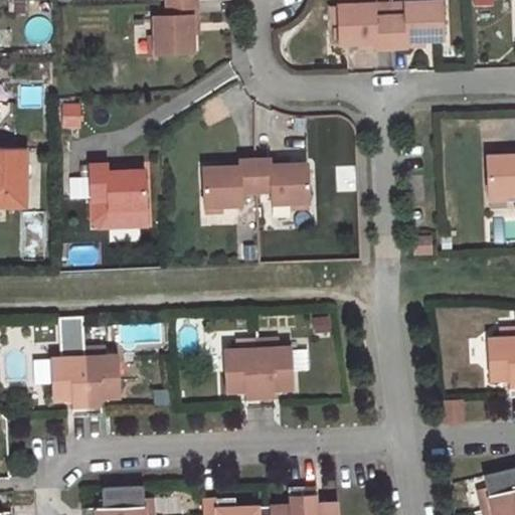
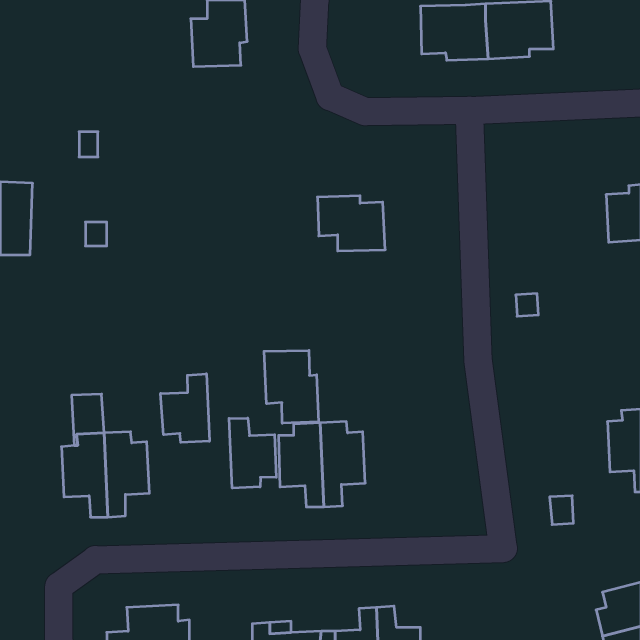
building: [203,159,256,205] -> none
building: [90,163,147,227] -> none
building: none -> [264,350,319,423]
building: none -> [161,374,209,442]
building: none -> [229,418,276,488]

